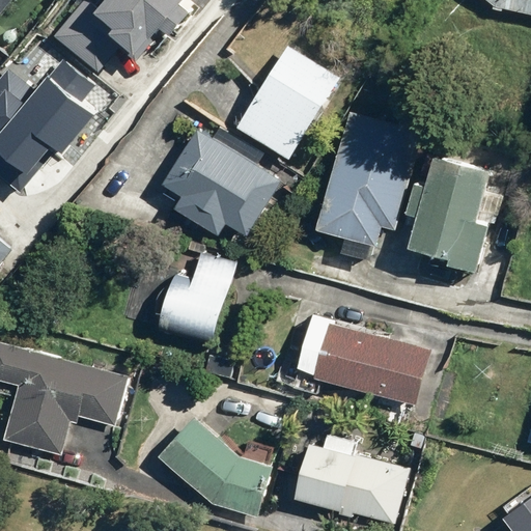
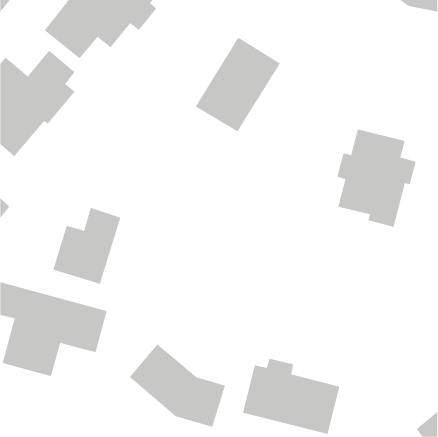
building: [313,110,424,248] -> none
building: [161,124,281,237] -> none
building: [156,249,239,342] -> [52,207,121,284]
building: [297,315,431,406] -> none

